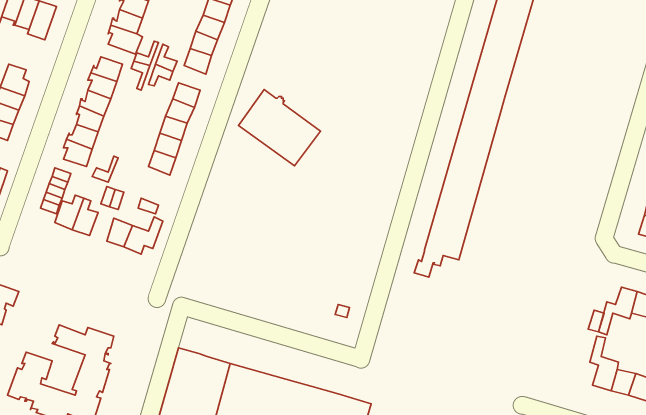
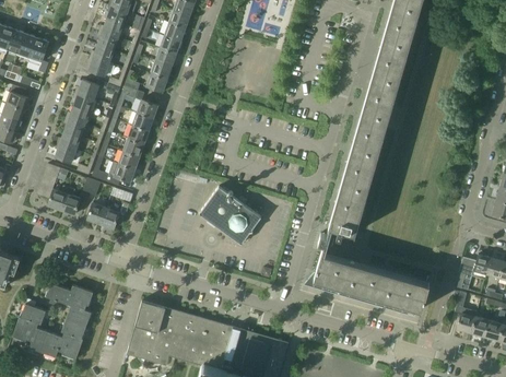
building: [238,89,320,166] -> [199,186,261,244]
building: none -> [92,162,136,186]
building: none -> [304,252,429,315]

